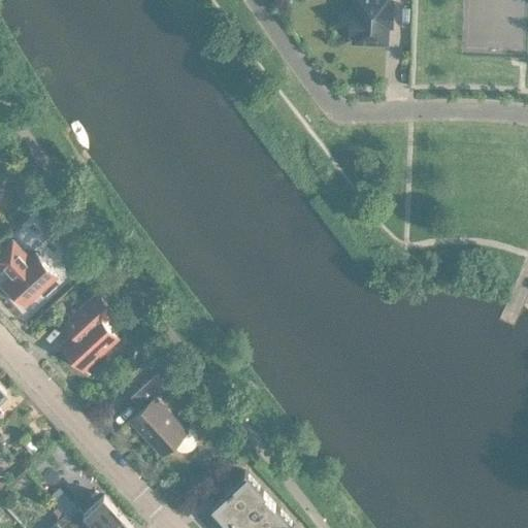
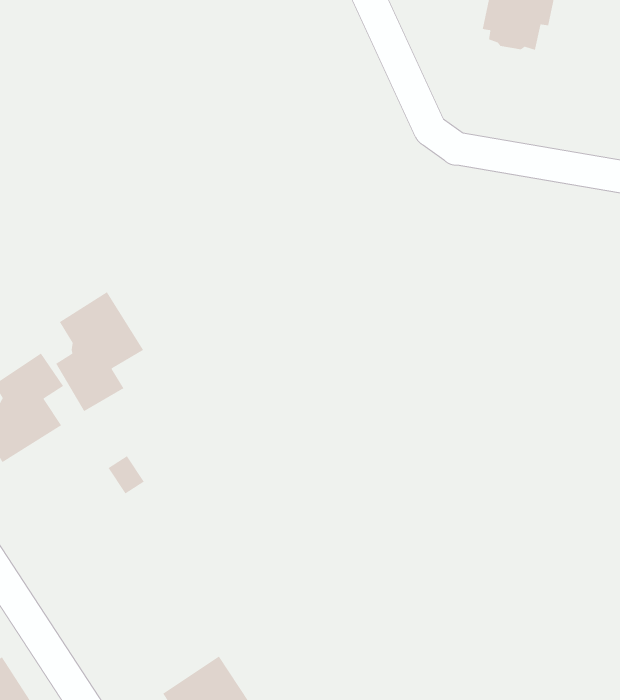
building: none -> [55,291,144,412]
building: [130,377,199,457] -> none

